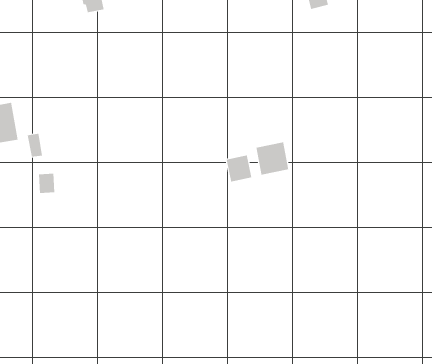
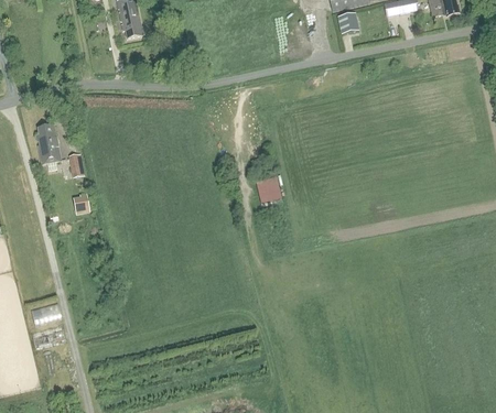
building: [256,142,289,175] -> none

